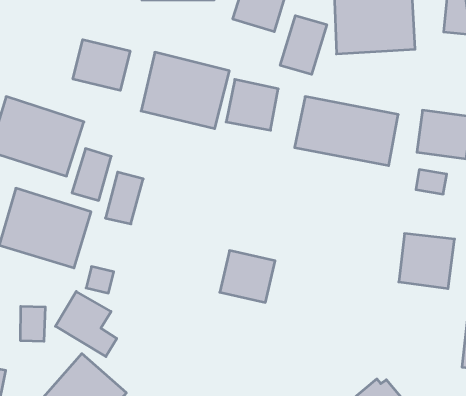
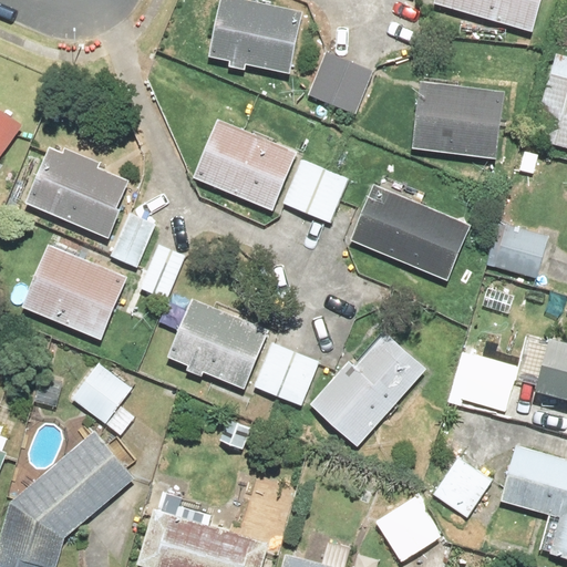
building: [280,16,327,74] -> none
building: [73,40,130,90] -> none
building: none -> [166,297,268,390]
building: none -> [310,333,425,444]
building: none -> [433,458,491,517]

